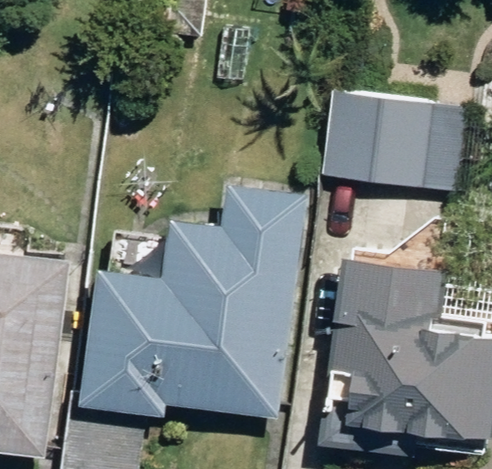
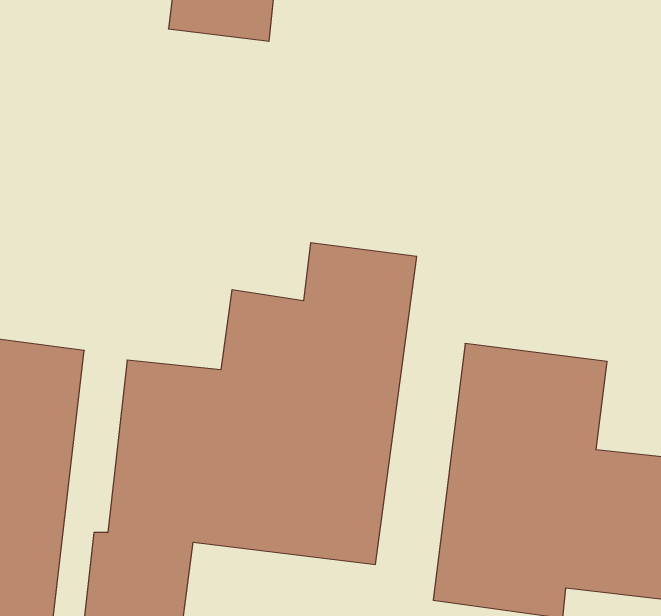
building: [323,89,467,193] -> none

